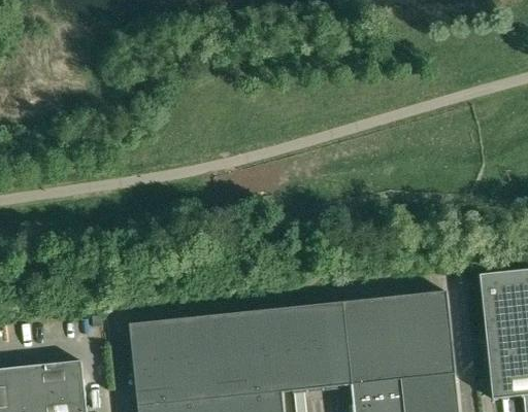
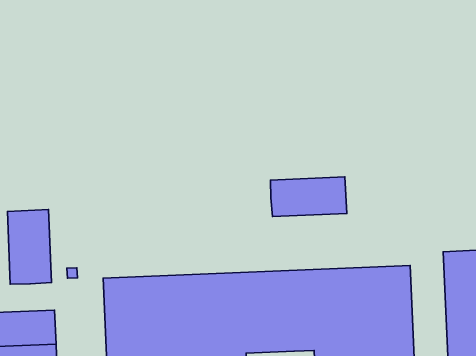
building: none -> [271,177,347,216]
building: none -> [8,210,51,284]

